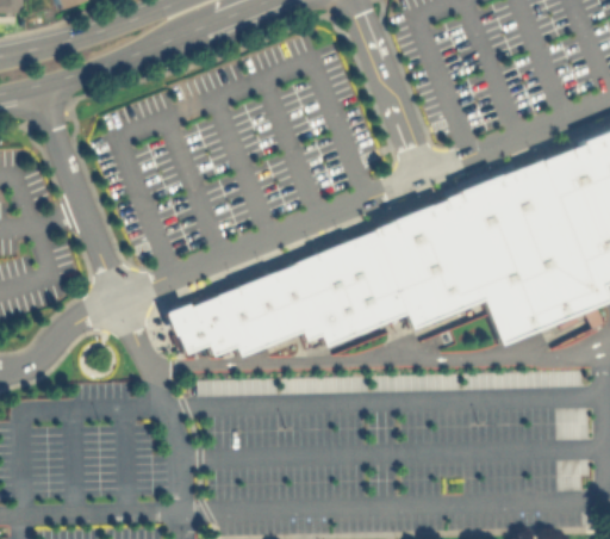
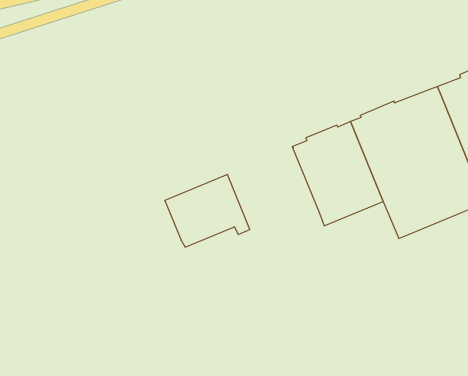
building: [292,233,405,347] -> none
building: [163,298,235,357] -> none

